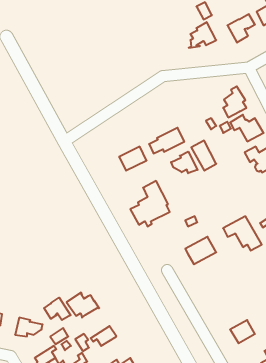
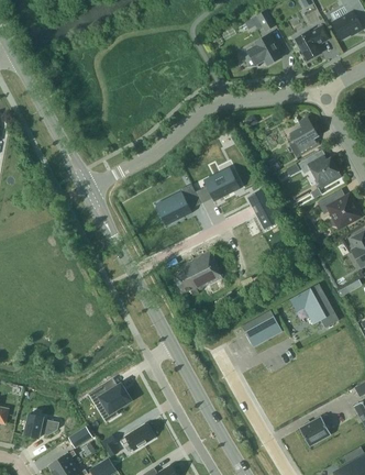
building: [171,152,198,173] -> none
building: [44,298,71,320] -> none

